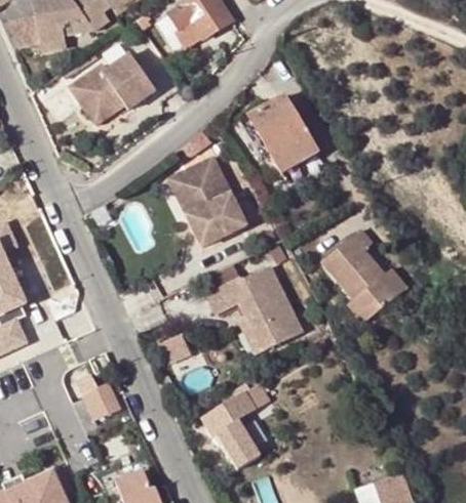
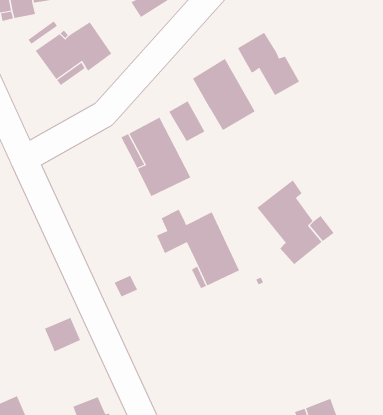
building: none -> [237,32,300,96]
building: none -> [169,101,205,142]
building: [197,378,266,469] -> none

